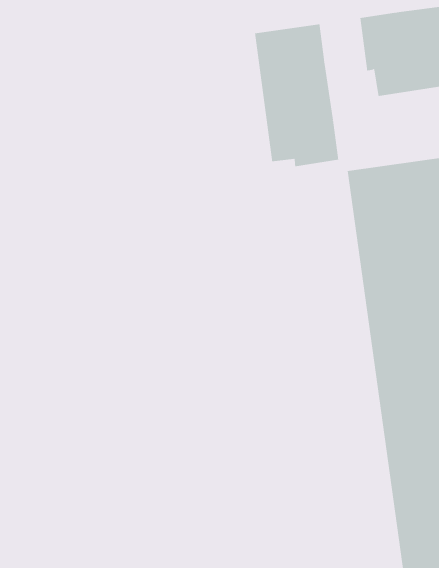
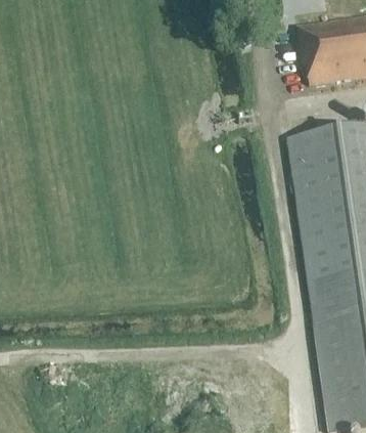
building: [255,24,339,167] -> none

